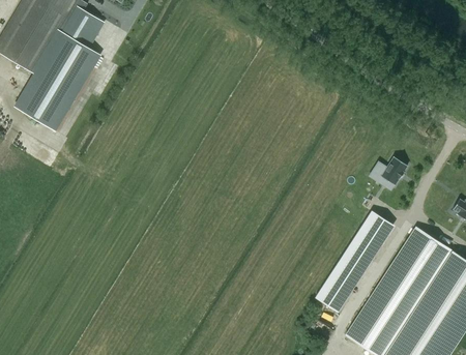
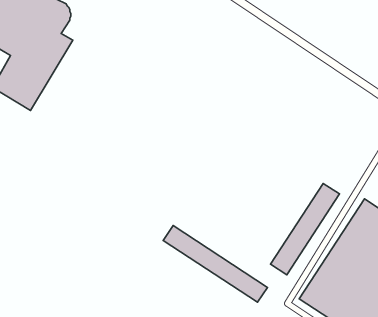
building: [378,155,408,190] -> none
building: none -> [163,226,267,302]

